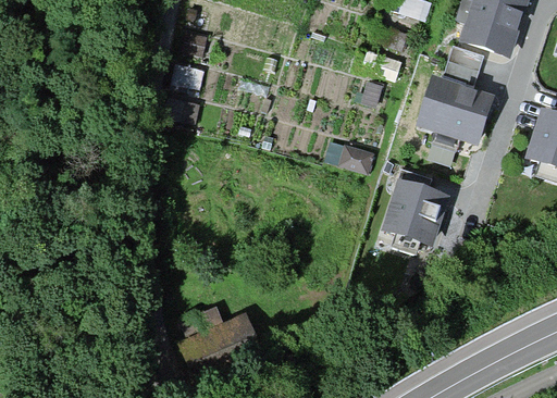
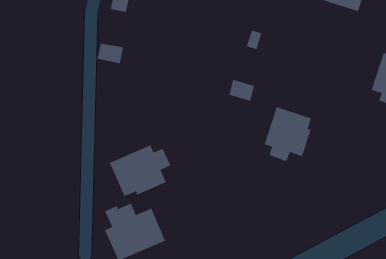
building: [444,45,482,82] -> none
building: [417,74,494,148] -> none
building: none -> [109,145,171,197]

